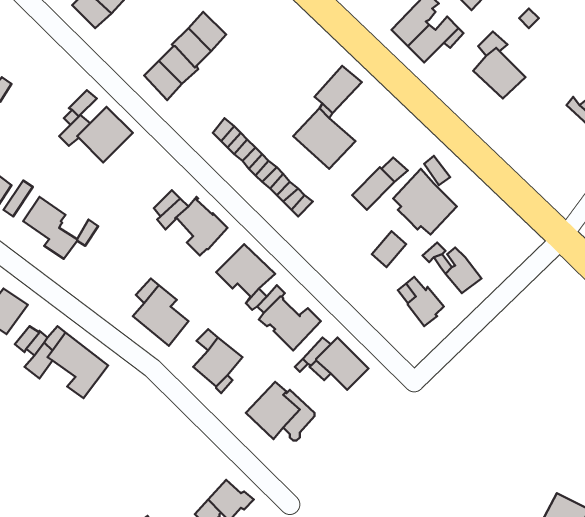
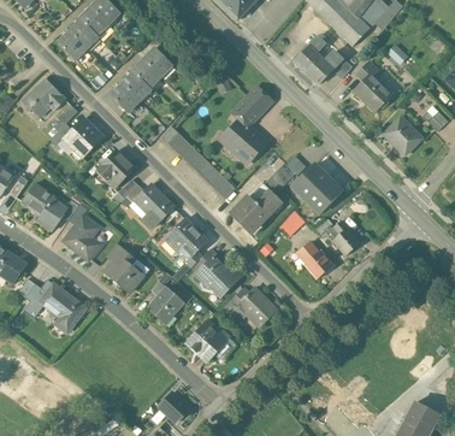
building: none -> [24,78,66,116]
building: none -> [384,116,421,154]
building: none -> [99,149,135,188]
building: none -> [231,182,283,232]
building: none -> [63,214,99,260]

